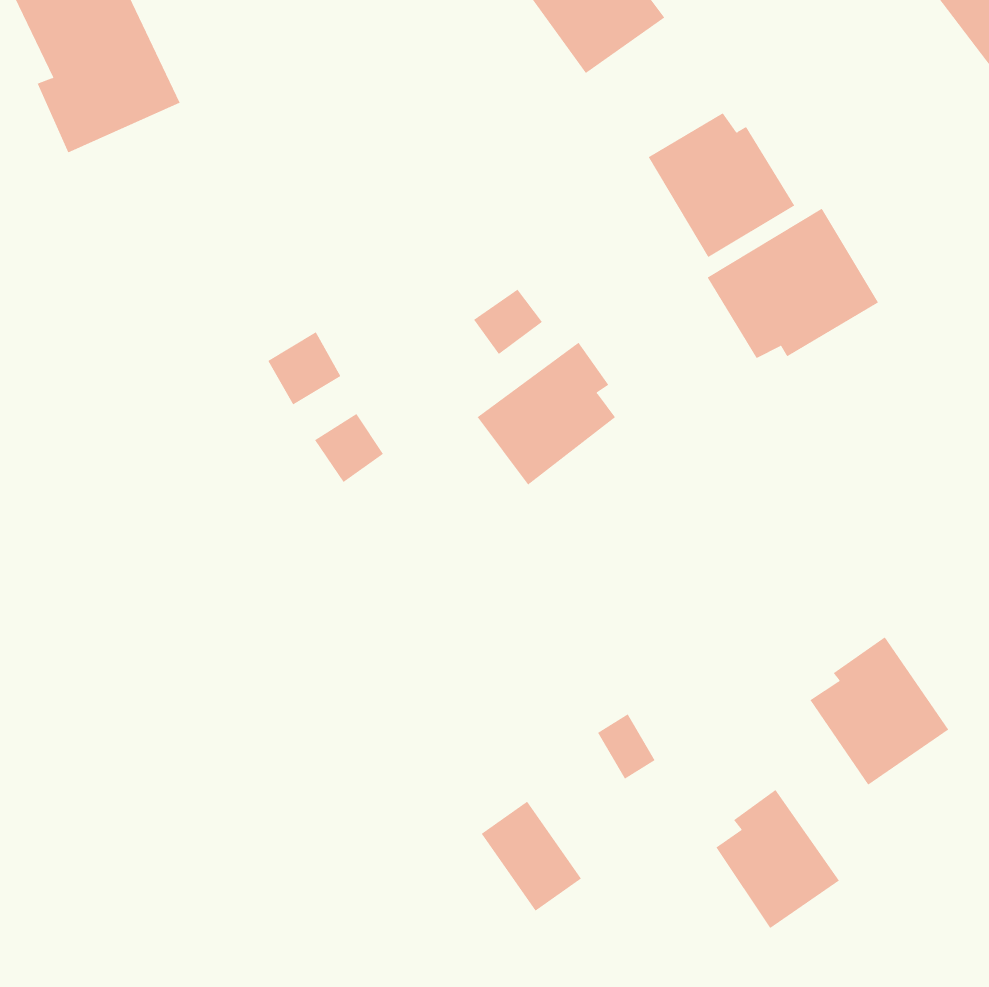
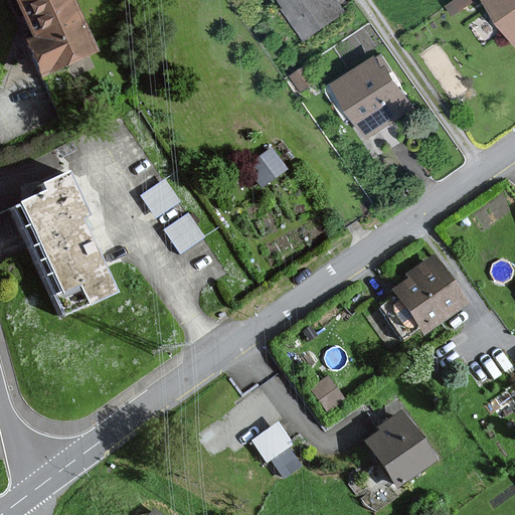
building: [707,208,879,359] -> none
building: none -> [12,172,112,312]
building: [477,342,616,486] -> none
building: [810,636,949,786] -> [389,260,462,337]

